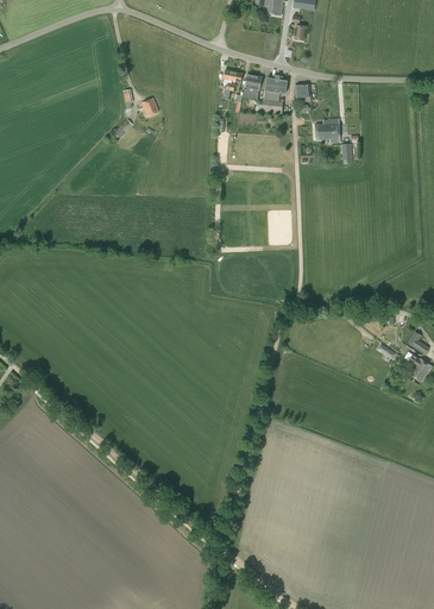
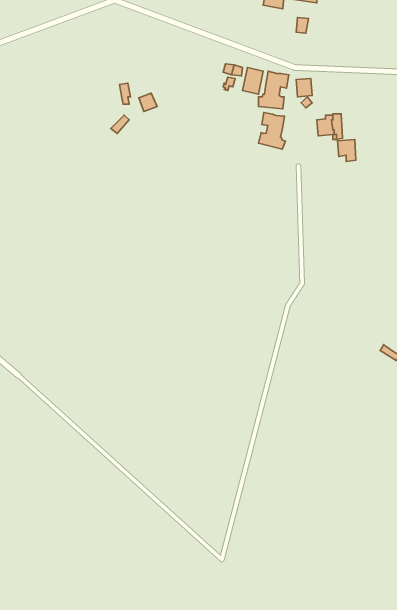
building: none -> [258,113,285,149]

